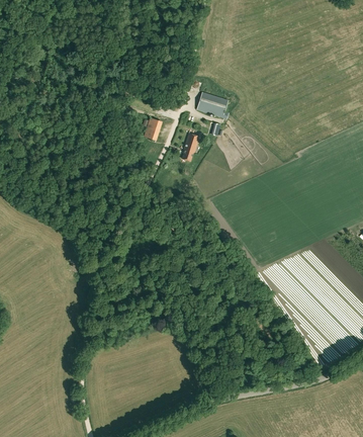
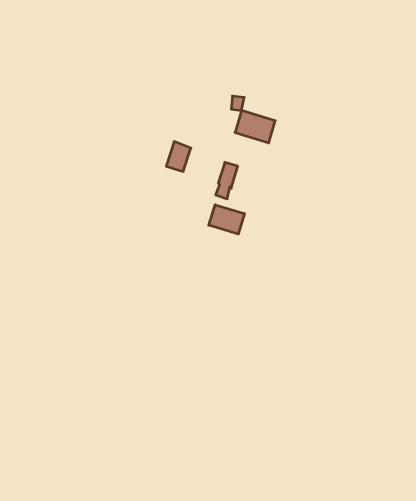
building: none -> [209,205,245,234]

